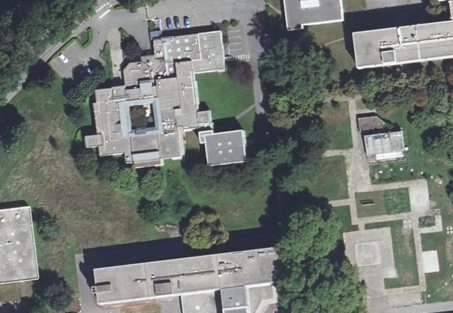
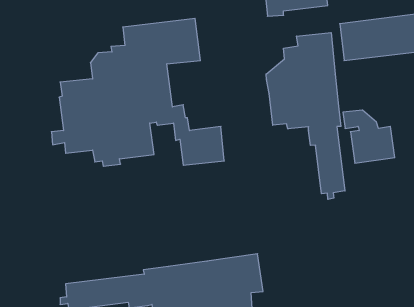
building: none -> [266,33,345,199]

